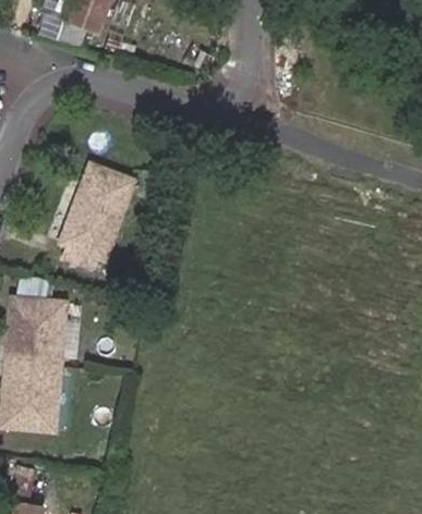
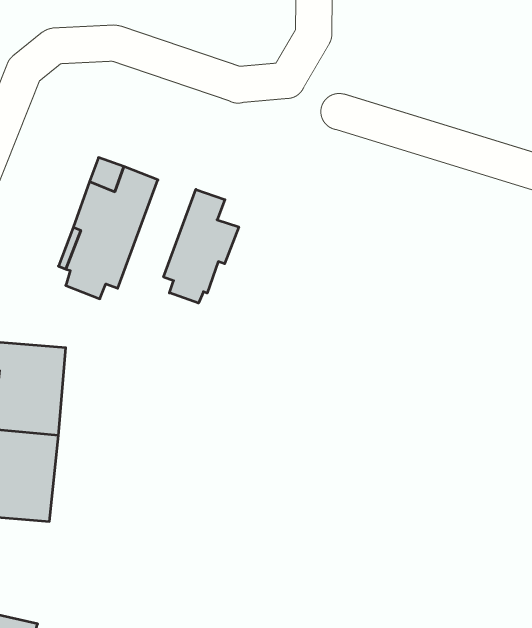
building: none -> [164,189,239,303]

